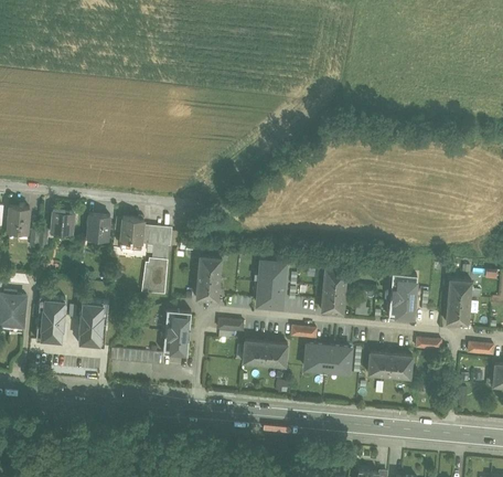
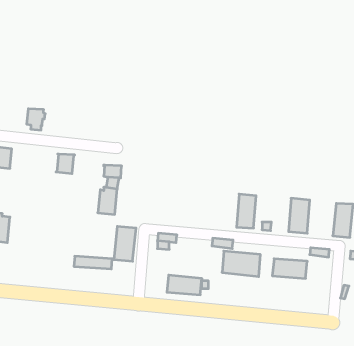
building: [52,212,76,240] -> [27,109,45,130]
building: [120,218,150,251] -> none
building: [196,256,222,300] -> none
building: [257,262,285,306] -> none
building: [41,299,64,340] -> none
building: [79,303,103,343] -> none
building: [243,339,288,364] -> [167,275,202,295]

